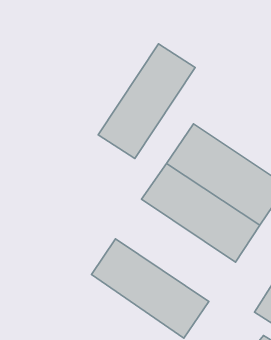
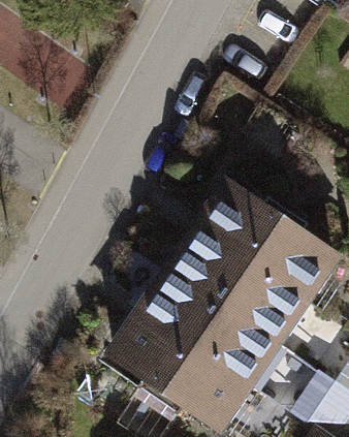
building: [98,44,195,159] -> none
building: none -> [140,273,279,391]

